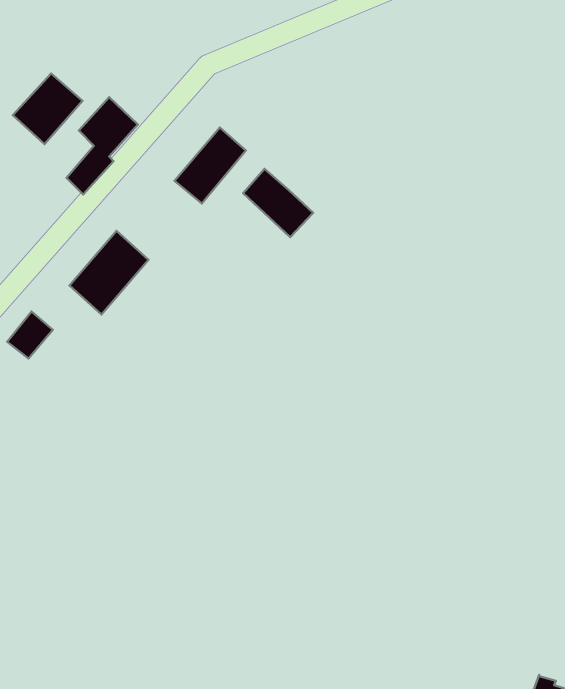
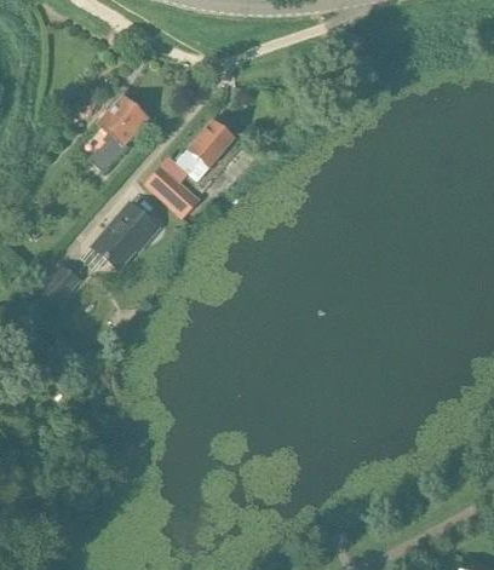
building: [13,73,82,144] -> none
building: [243,169,313,237] -> [144,166,200,220]

